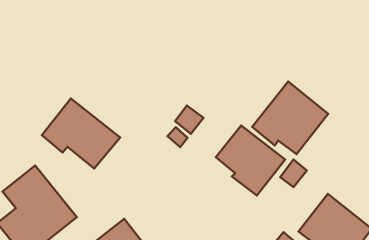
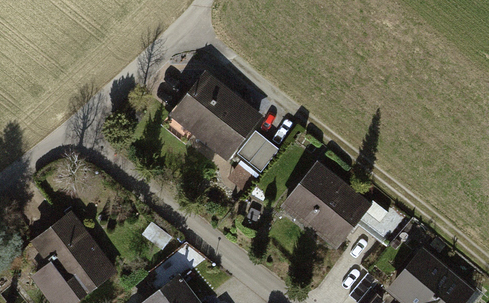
building: [252,82,328,154] -> none
building: [42,98,120,169] -> [168,71,262,155]

